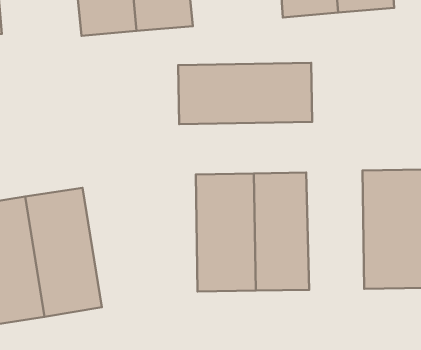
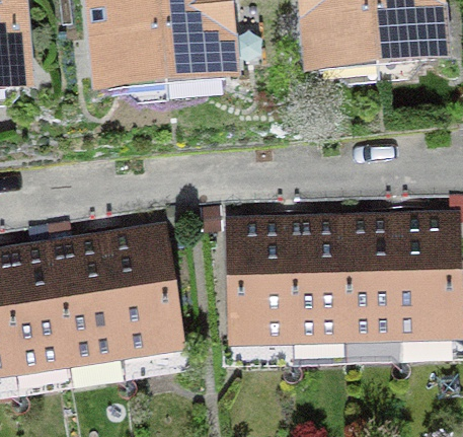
building: [178,63,312,124] -> none
building: none -> [340,215,401,340]
building: none -> [106,223,188,358]

